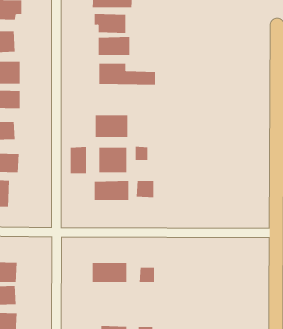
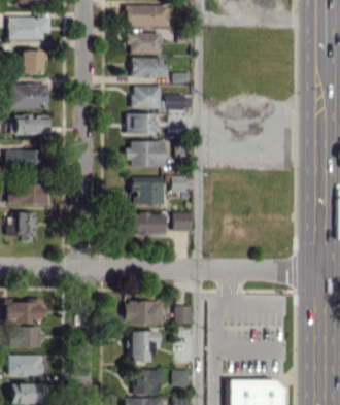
building: none -> [127,113,155,134]
building: [70,146,86,174] -> none
building: none -> [131,331,158,362]

